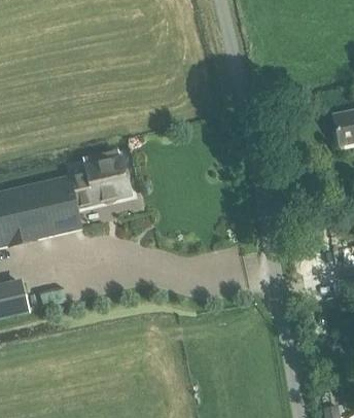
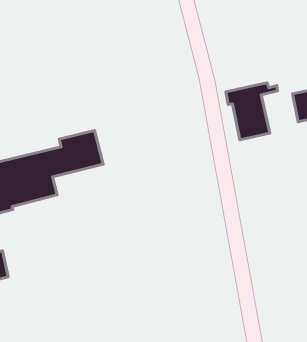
building: none -> [226,83,278,140]

